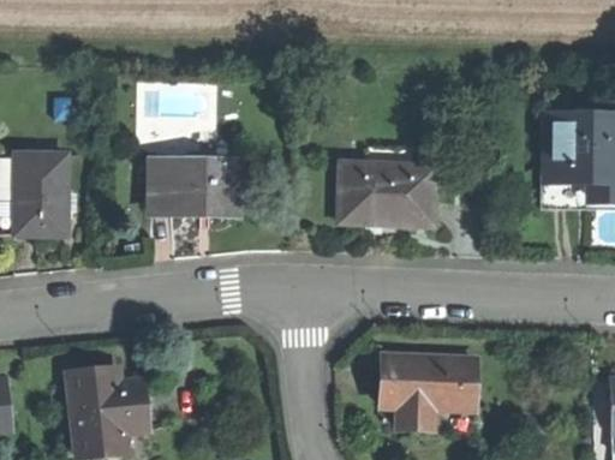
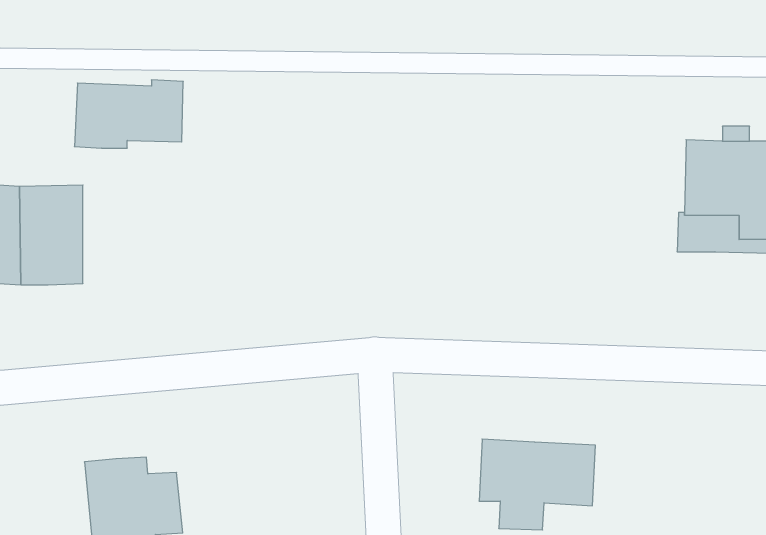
building: [154,157,240,211] -> [74,80,183,148]
building: [342,161,435,221] -> none

